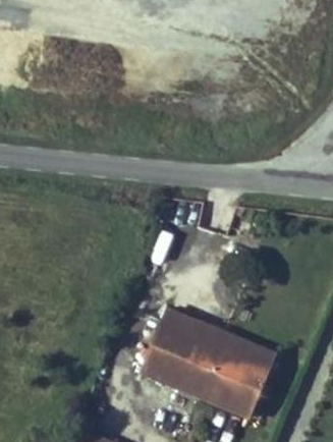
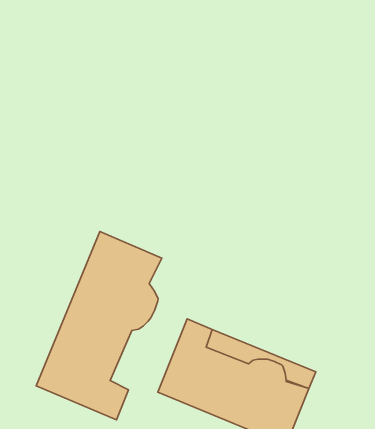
building: none -> [36,232,162,420]

